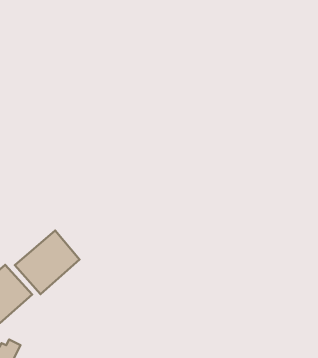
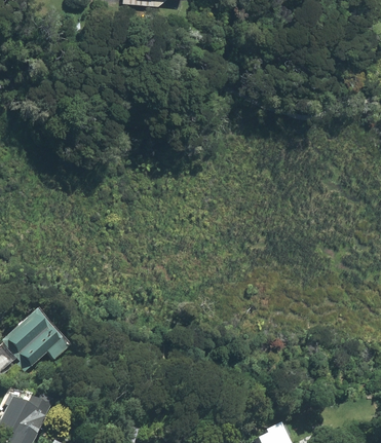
building: [15,230,80,294] -> none

